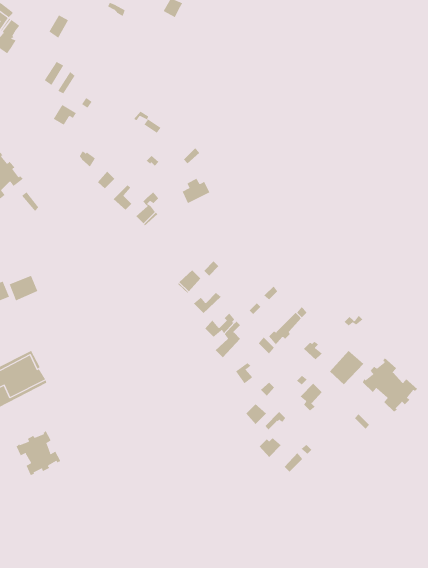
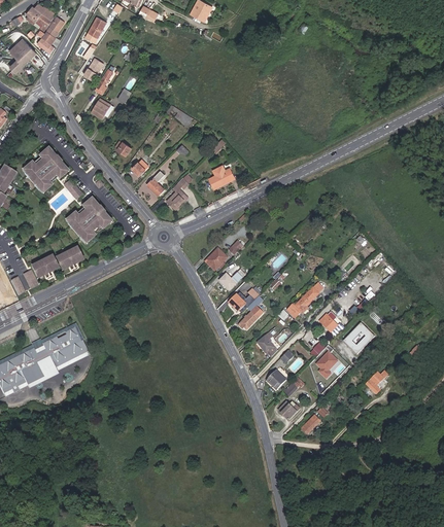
building: none -> [65,196,112,243]
building: [362,357,418,413] -> none
building: [16,430,61,476] -> none

